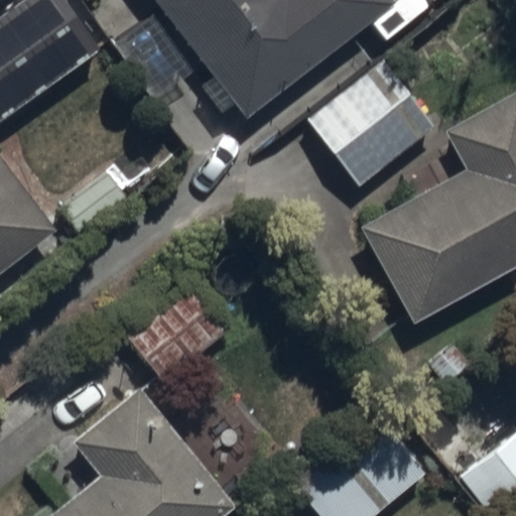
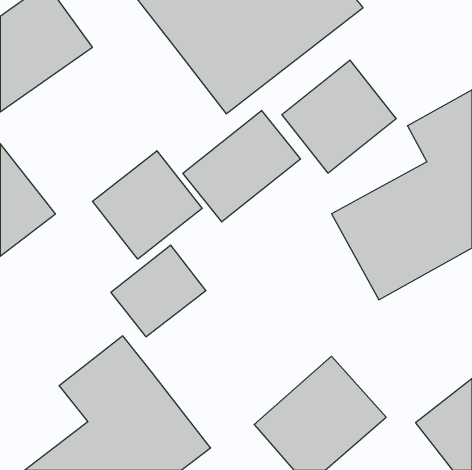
building: none -> [183,110,301,222]
building: none -> [93,151,202,259]

